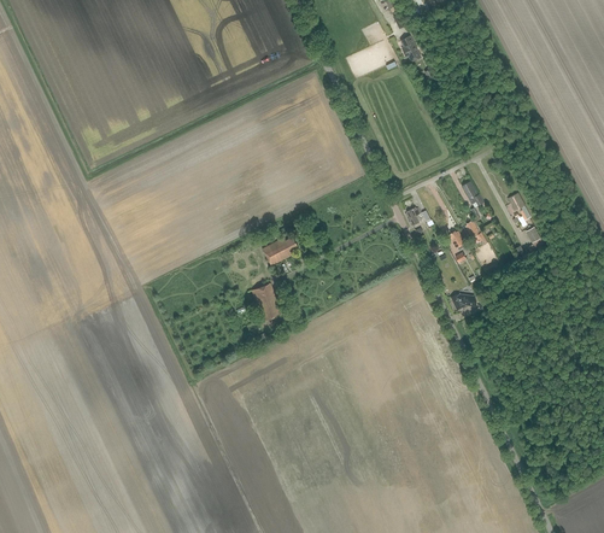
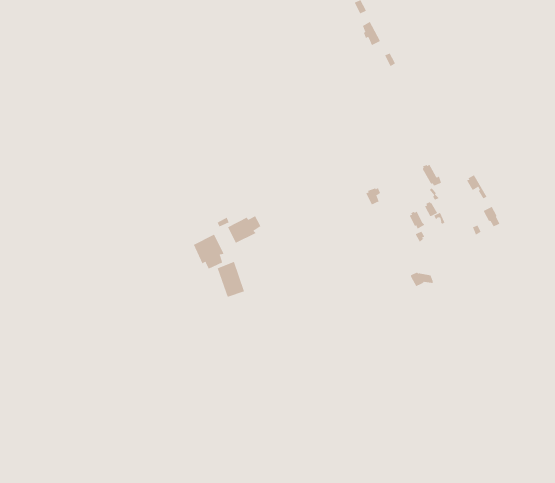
building: none -> [193,234,224,269]

